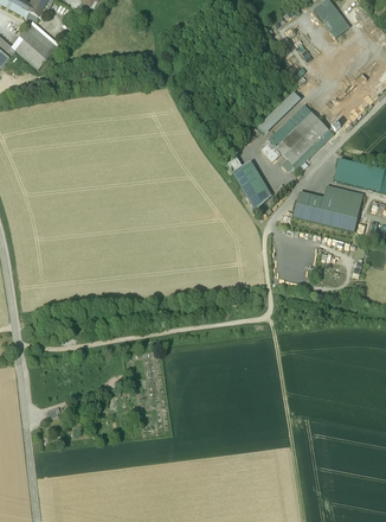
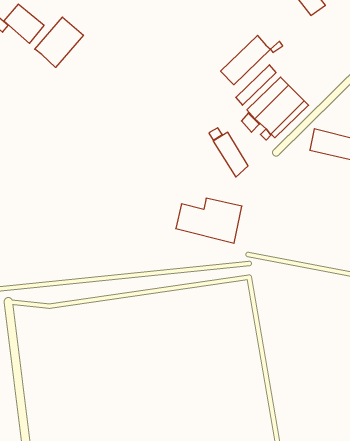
building: none -> [35,17,83,67]
building: none -> [221,35,270,85]
building: [294,184,364,231] -> [176,198,242,243]

